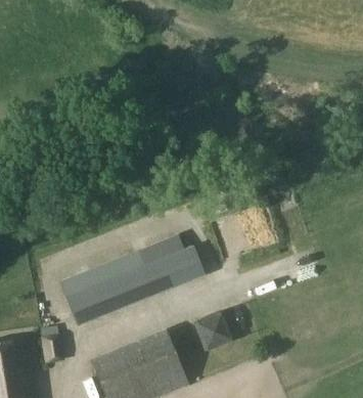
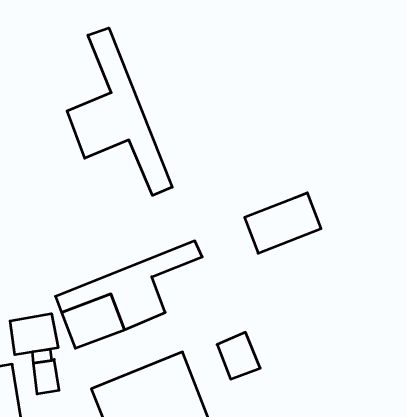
building: none -> [67,28,172,195]
building: [141,245,205,295] -> [245,193,321,253]
building: none -> [10,314,58,355]

